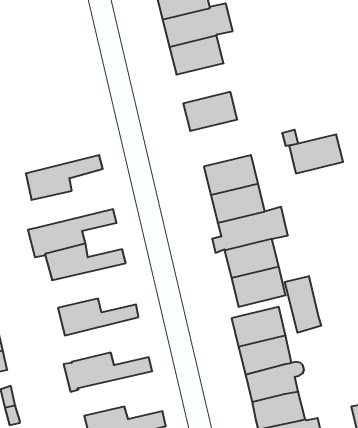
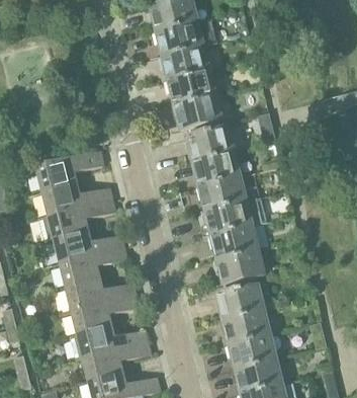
building: none -> [169,70,216,105]
building: [289,134,343,173] -> [187,127,235,161]
building: none -> [41,182,113,215]
building: none -> [60,246,127,286]
building: [285,276,321,333] -> none
building: none -> [71,294,139,333]
building: none -> [82,341,151,381]

